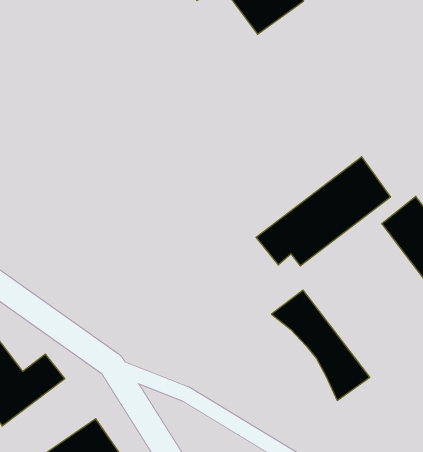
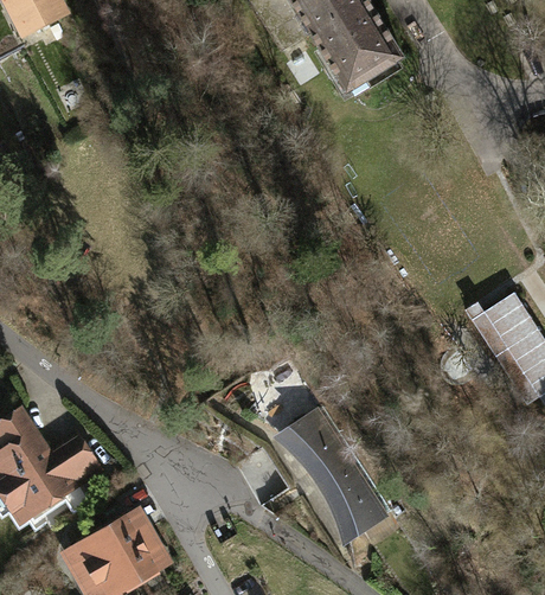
building: [256,157,390,266] -> none
building: [272,290,370,400] -> [281,408,387,537]

